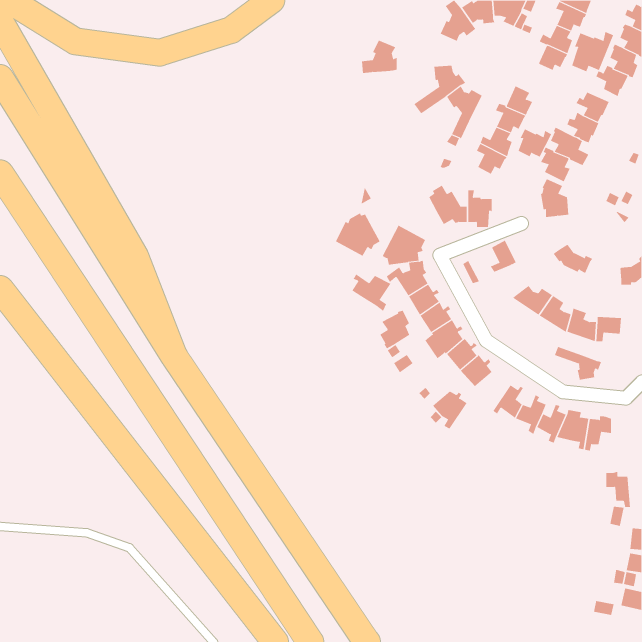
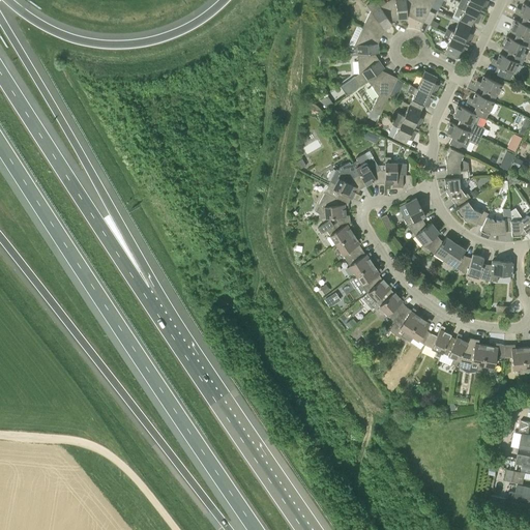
building: [572,31,614,72] -> none
building: [361,40,397,74] -> [348,28,378,56]
building: [518,128,552,158] -> none
building: [335,213,381,256] -> [328,161,365,198]
building: none -> [444,178,471,206]
building: none -> [480,208,511,234]
building: none -> [407,218,439,244]
building: [352,274,391,312] -> none
building: [379,310,411,349] -> none
building: [554,346,602,381] -> none
building: [432,391,467,430] -> [391,306,420,338]
building: [606,471,631,508] -> [504,344,525,374]

